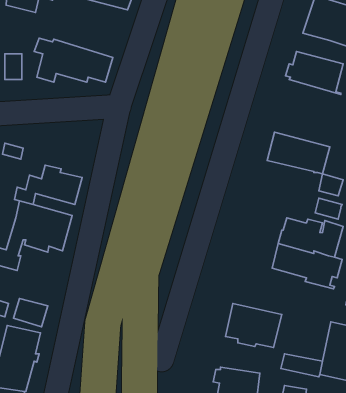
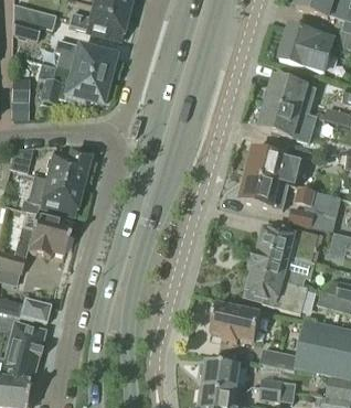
building: none -> [55,39,116,80]
building: none -> [260,100,313,135]
building: none -> [47,150,89,189]
building: none -> [241,173,289,207]
building: none -> [246,270,307,313]

